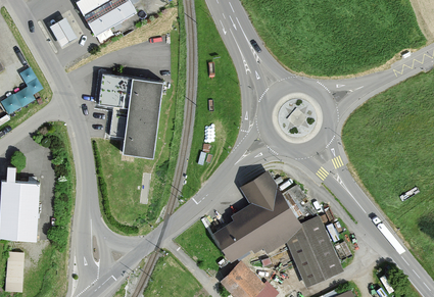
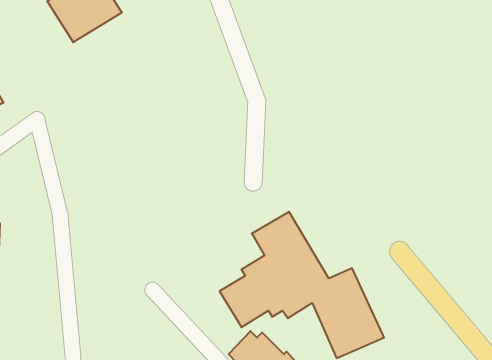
building: [51,17,77,46] -> none
building: [97,73,165,158] -> none

